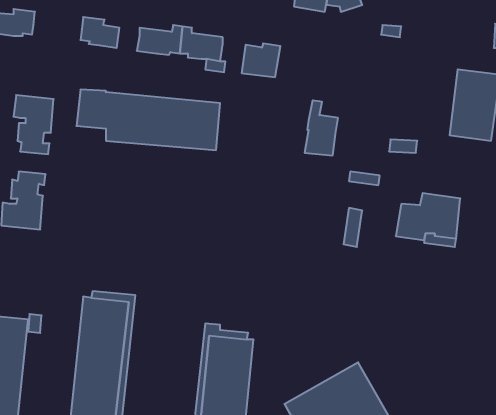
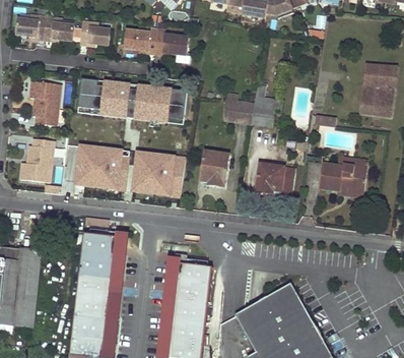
building: none -> [44,17,74,40]
building: [242,43,280,77] -> [222,98,252,123]
building: none -> [72,142,184,195]
building: none -> [200,152,228,186]
building: none -> [255,163,283,193]

